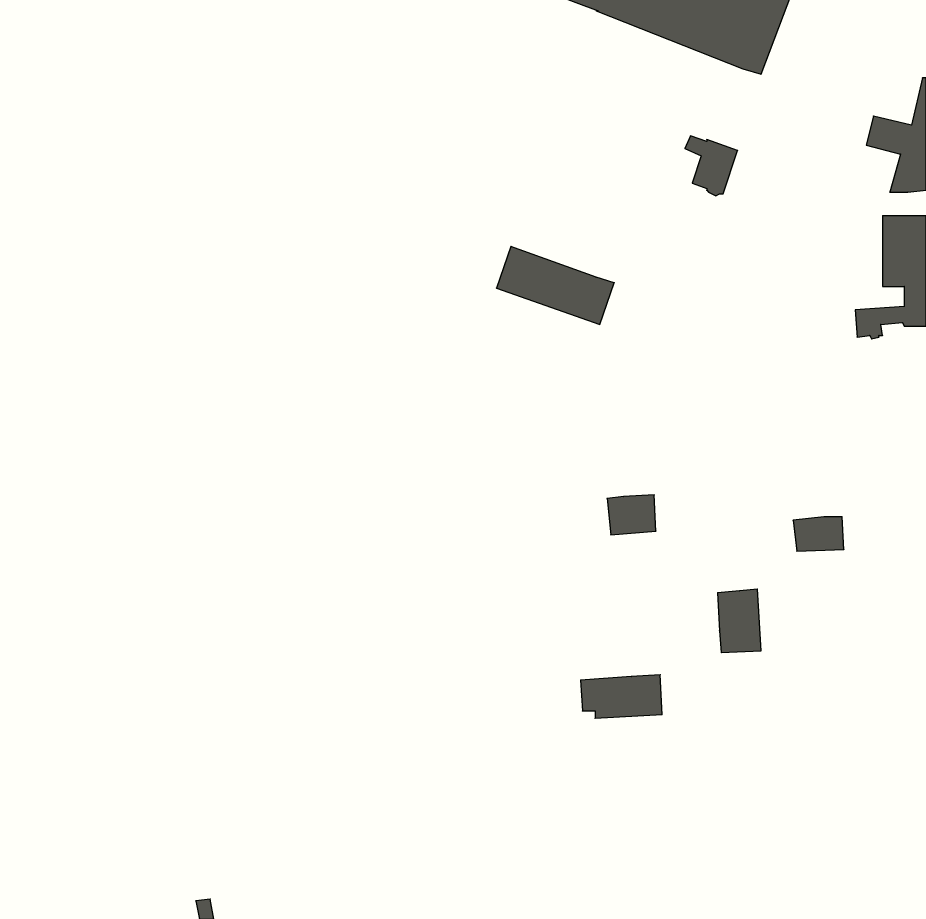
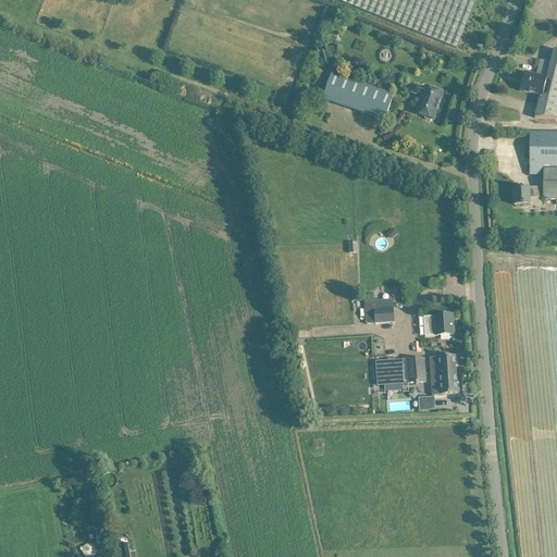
building: [496,246,614,324] -> [323,71,394,117]
building: [793,517,844,551] -> [423,312,454,333]
building: [581,675,662,718] -> [376,356,425,382]

